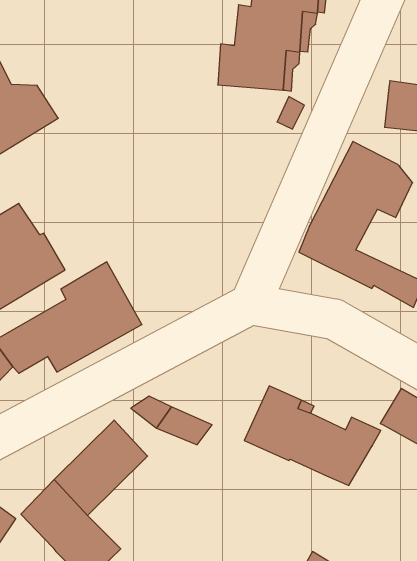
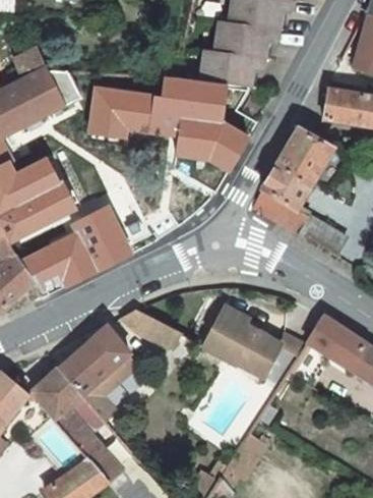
building: none -> [87,76,248,171]
building: none -> [81,355,136,421]

